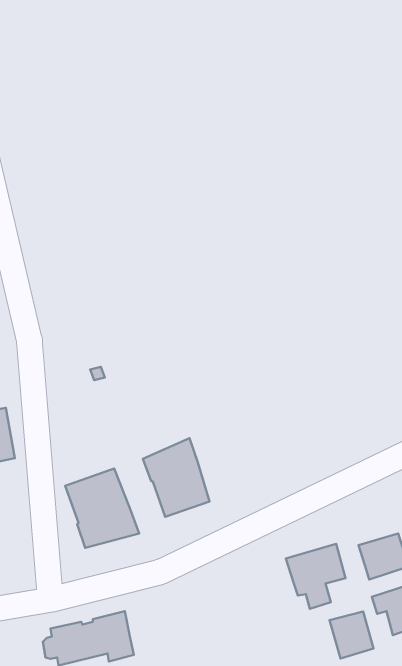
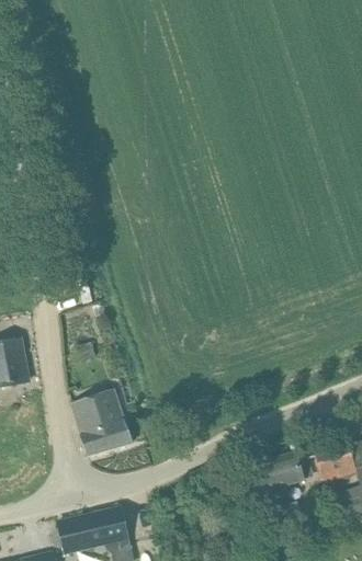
building: [143,438,210,517] -> none
building: [329,612,374,658] -> none

